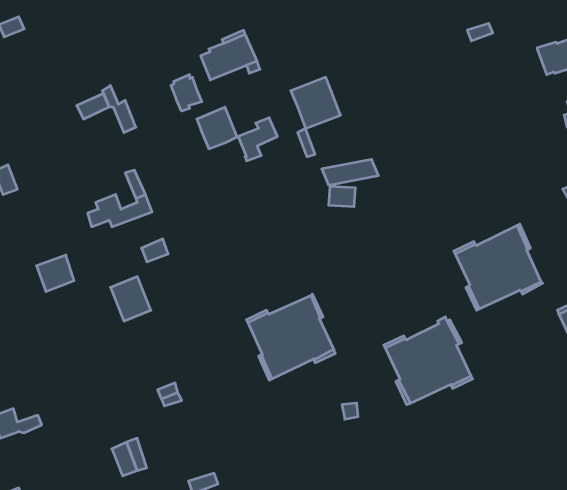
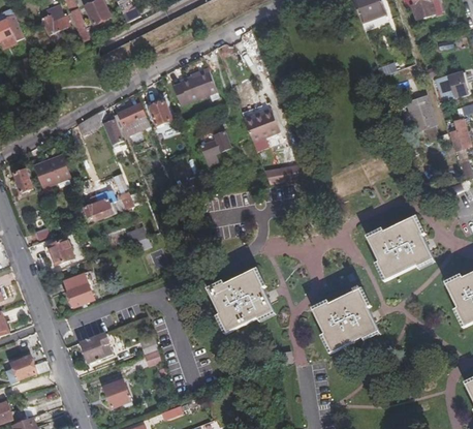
building: none -> [409,98,434,132]
building: [197,107,237,149] -> [117,104,148,136]
building: none -> [33,150,68,182]
building: [110,277,151,321] -> [63,272,94,306]
building: none -> [81,332,115,363]

